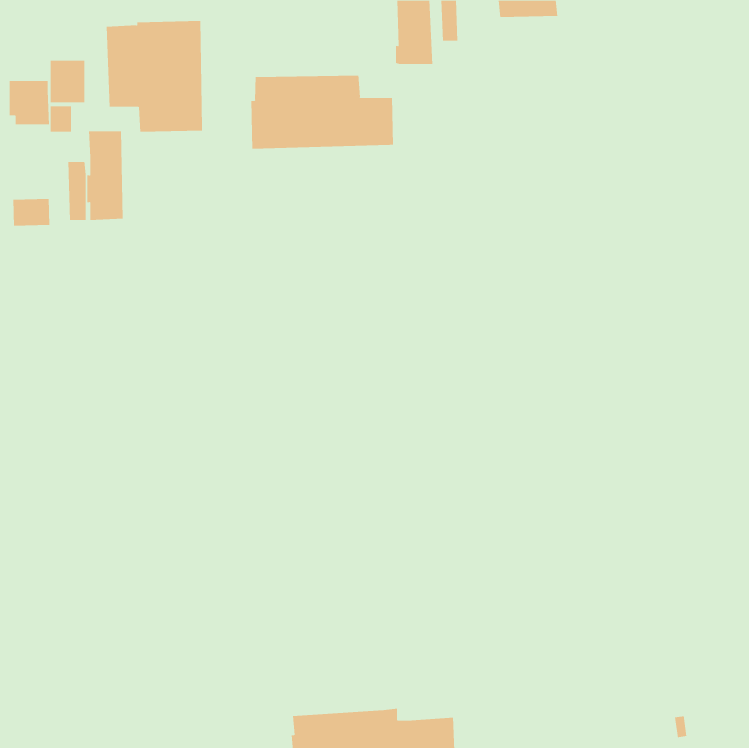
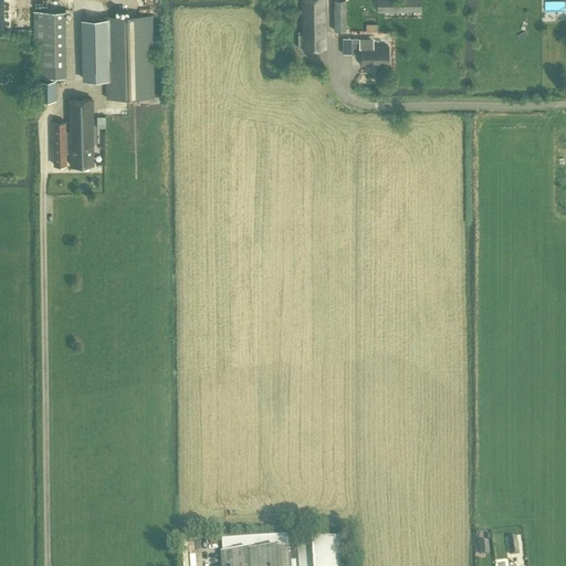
building: none -> [359,48,388,69]
building: [251,75,394,149] -> none
building: [9,81,50,125] -> [33,14,64,48]
building: [13,198,50,226] -> none

